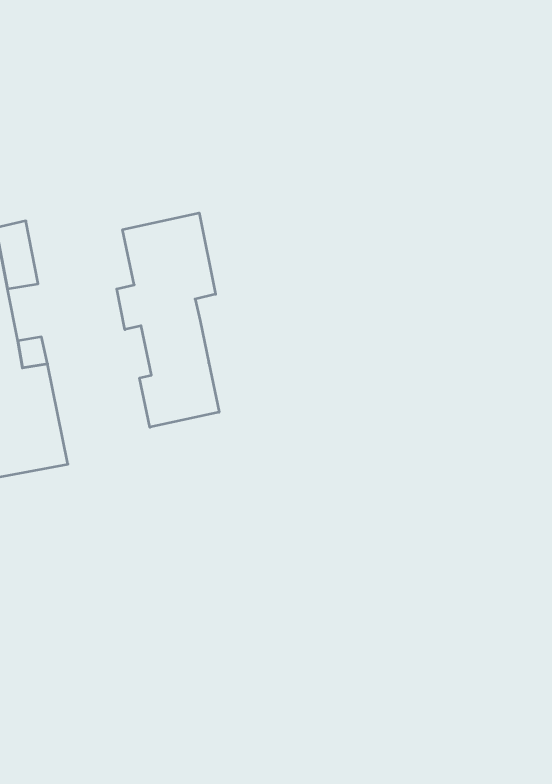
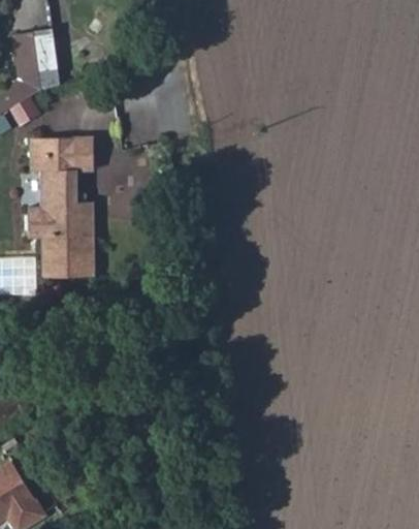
building: [117,213,219,427] -> none

